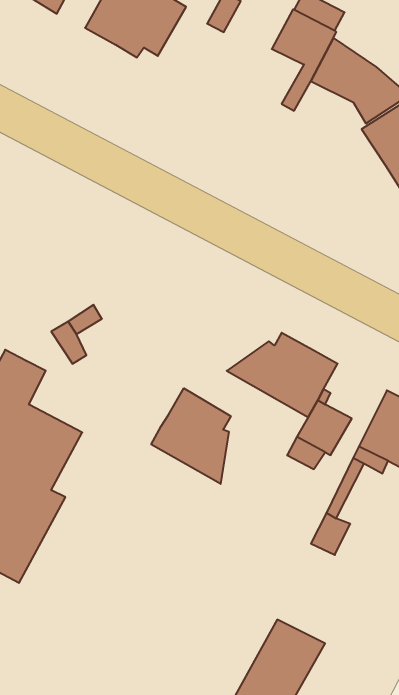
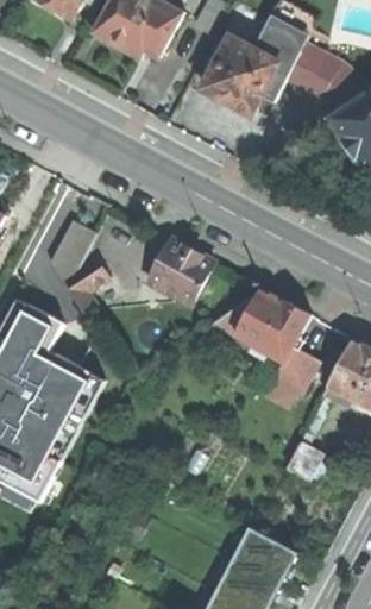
building: none -> [201,36,279,114]
building: none -> [48,219,94,285]
building: none -> [147,240,212,304]
building: [151,388,231,484] -> none

